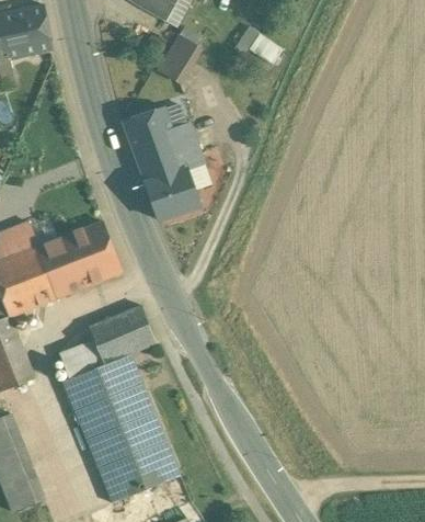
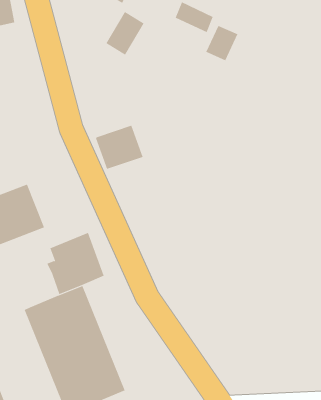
building: none -> [206,25,238,61]
building: [123,106,205,182] -> none
building: [67,222,123,286] -> none
building: [59,340,103,378] -> none

